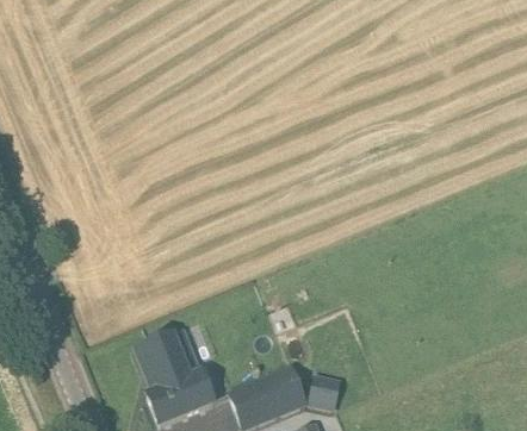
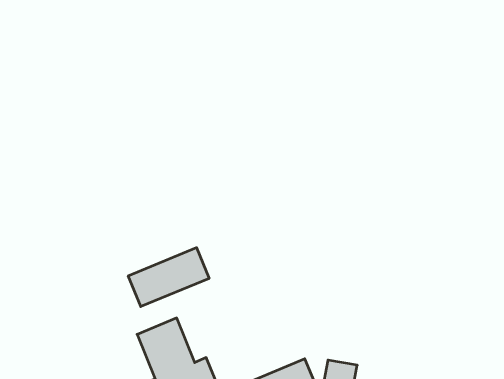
building: none -> [128,248,209,307]

